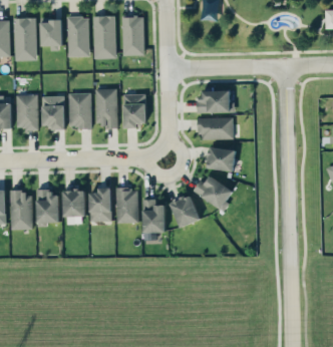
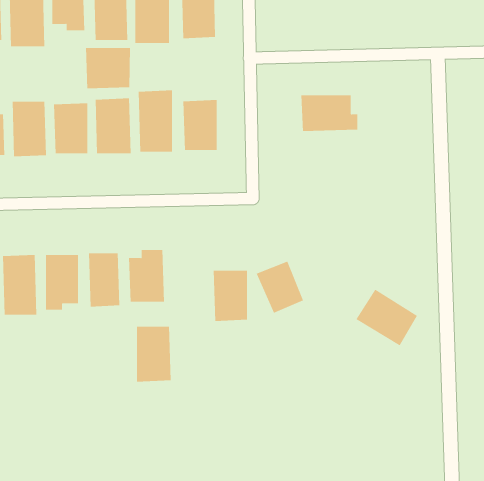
building: none -> [86,47,131,89]
building: [199,117,233,139] -> none
building: [207,146,236,170] -> none
building: [195,174,234,210] -> [356,289,418,346]
building: [116,188,138,223] -> [136,326,171,382]

